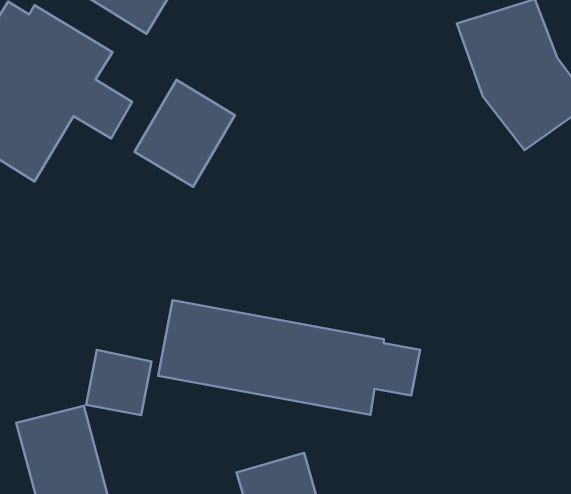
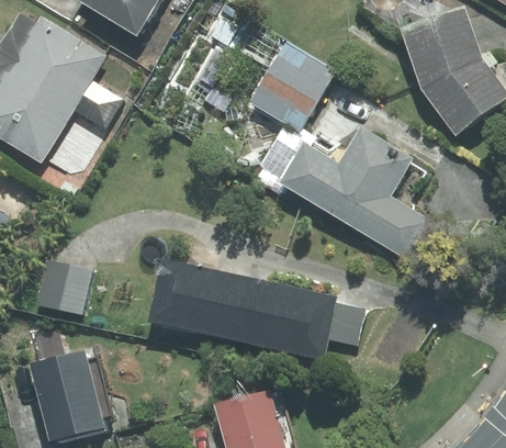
building: [135,80,235,187] -> [250,40,335,130]
building: none -> [278,126,432,259]
building: [86,350,151,415] -> [37,256,92,311]

